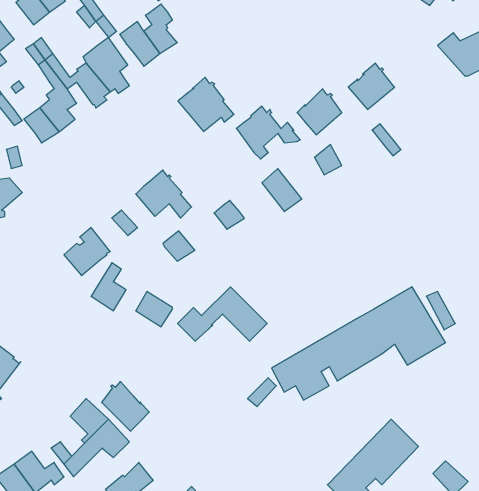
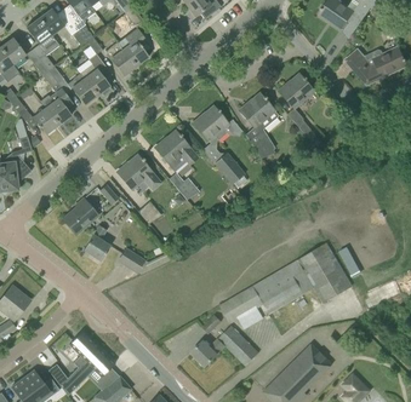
building: [178,77,234,132] -> [155,130,198,171]
building: [178,287,267,341] -> [192,325,259,366]
building: [102,382,149,431] -> none

